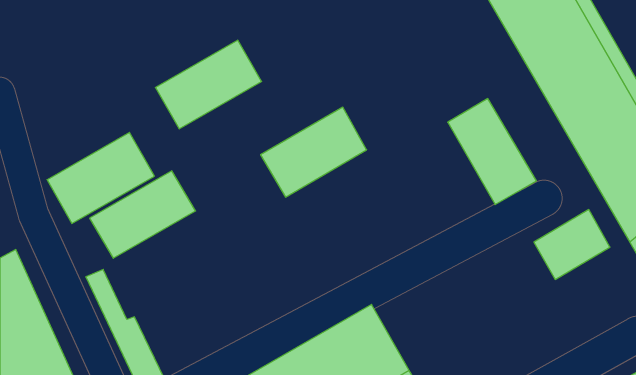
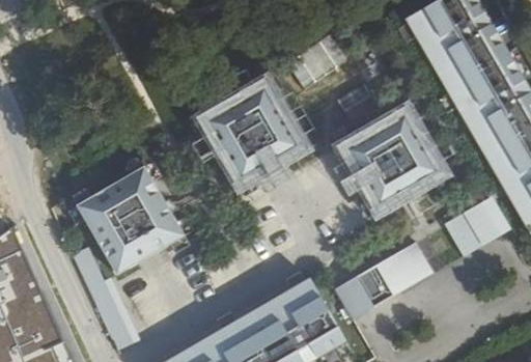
building: [155,40,262,129] -> [198,78,286,151]
building: none -> [337,124,413,214]
building: [47,132,154,223] -> [95,198,185,274]
building: none -> [334,241,434,318]

